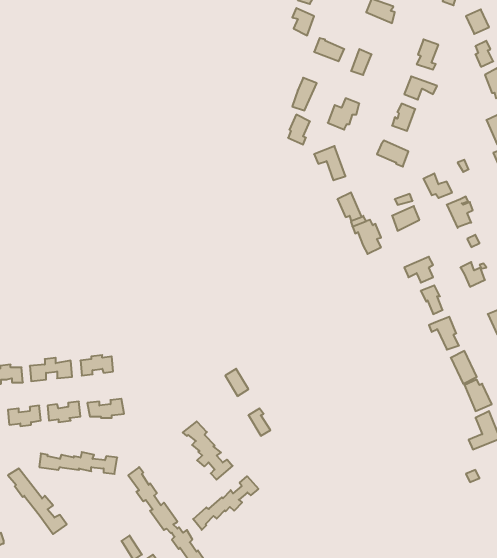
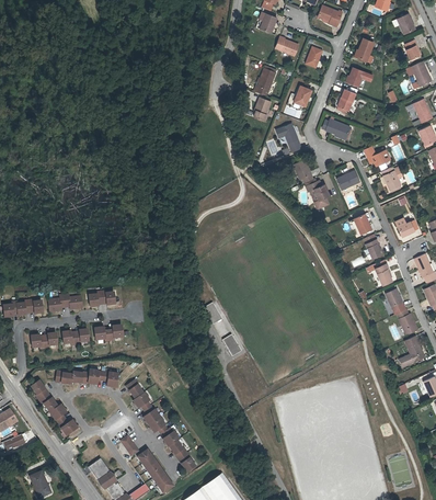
building: [183,421,233,480] -> none
building: [193,476,258,530] -> none

